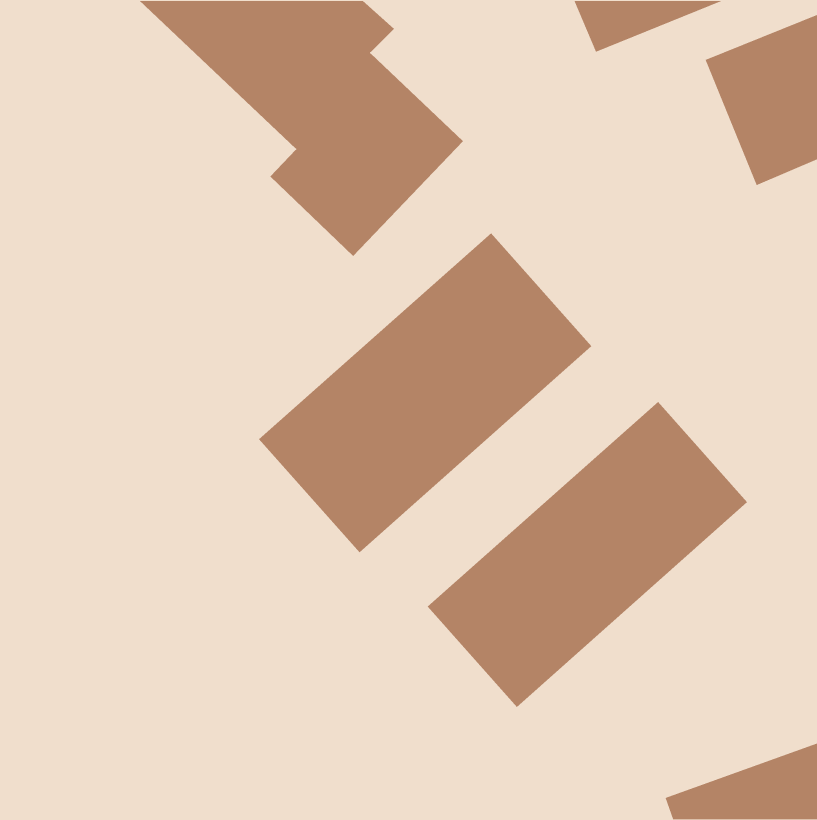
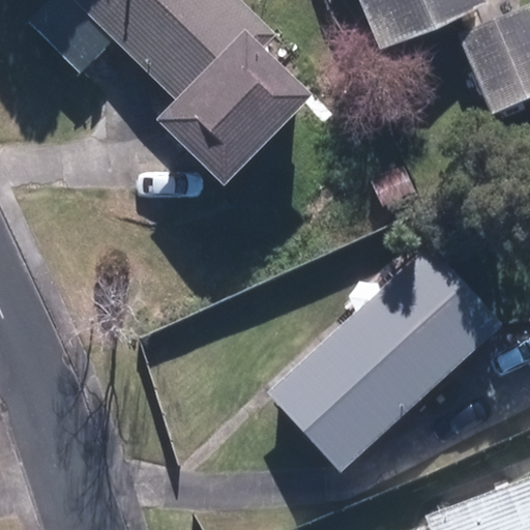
building: [258,232,592,553] -> none

